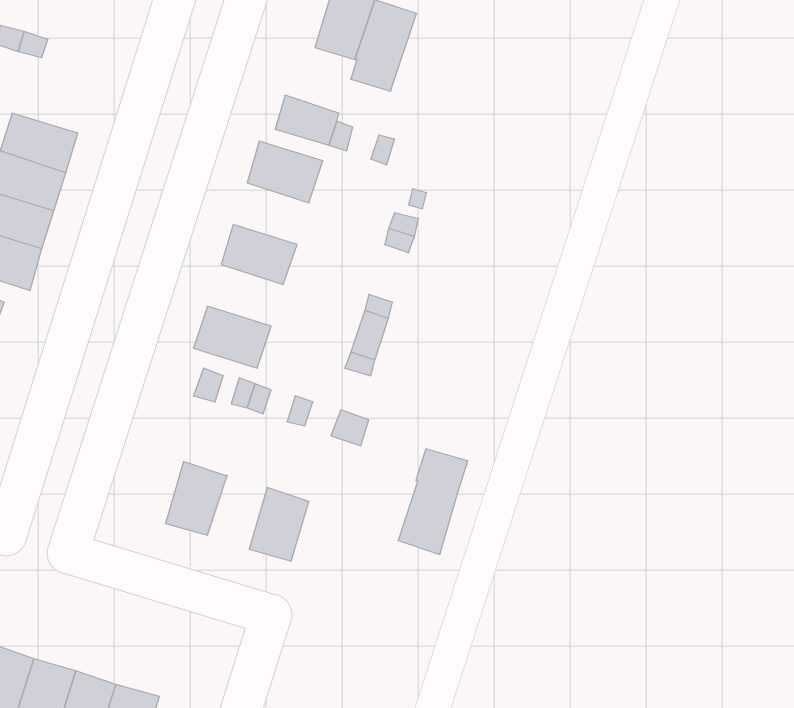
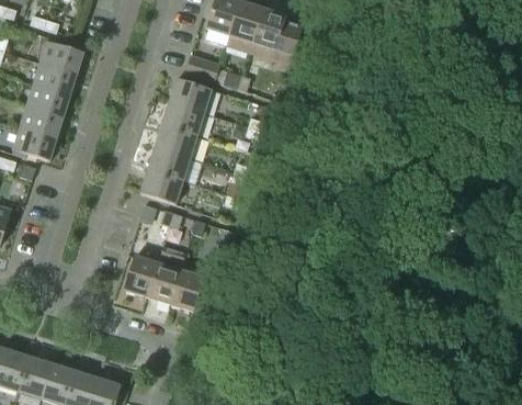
building: none -> [248,9,302,65]
building: none -> [39,42,82,75]
building: none -> [161,102,203,136]
building: none -> [147,147,189,181]
building: [398,449,468,554] -> [147,246,185,304]

